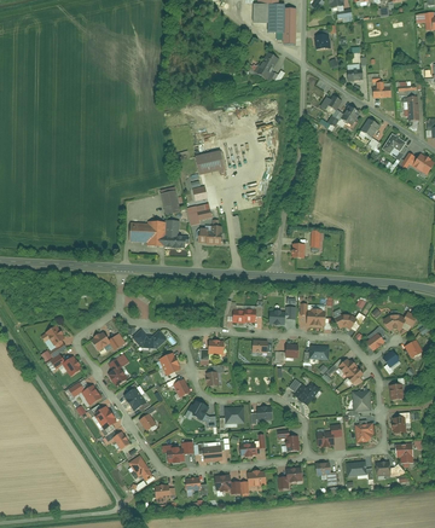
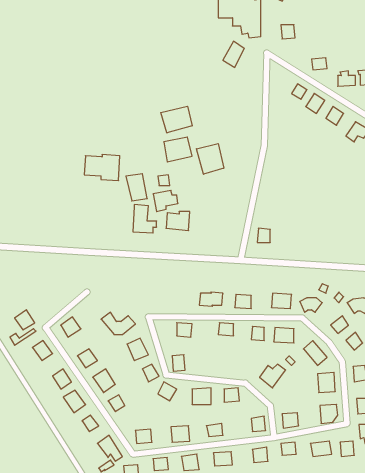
building: none -> [161,106,192,133]
building: none -> [196,144,224,174]
building: [129,220,166,246] -> [84,155,120,181]

